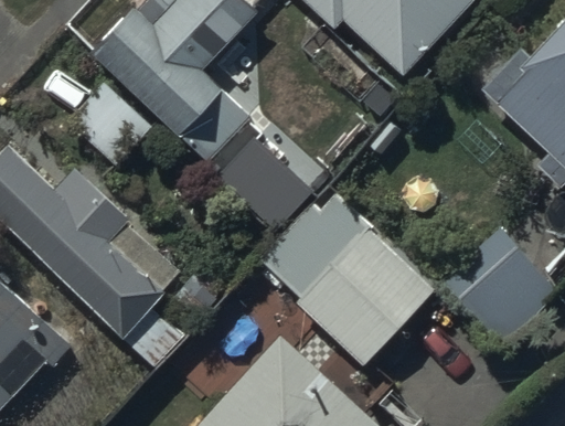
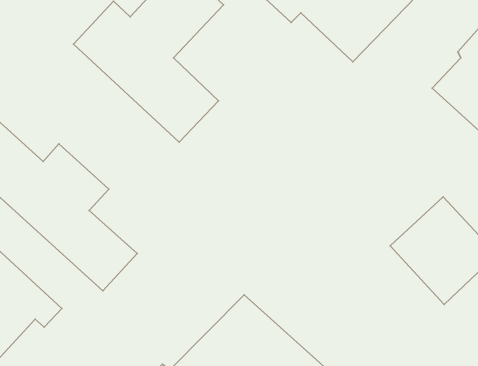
building: [259,193,440,368] -> none

